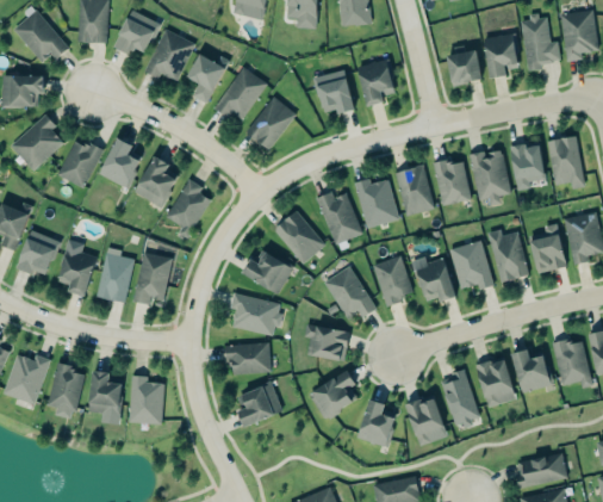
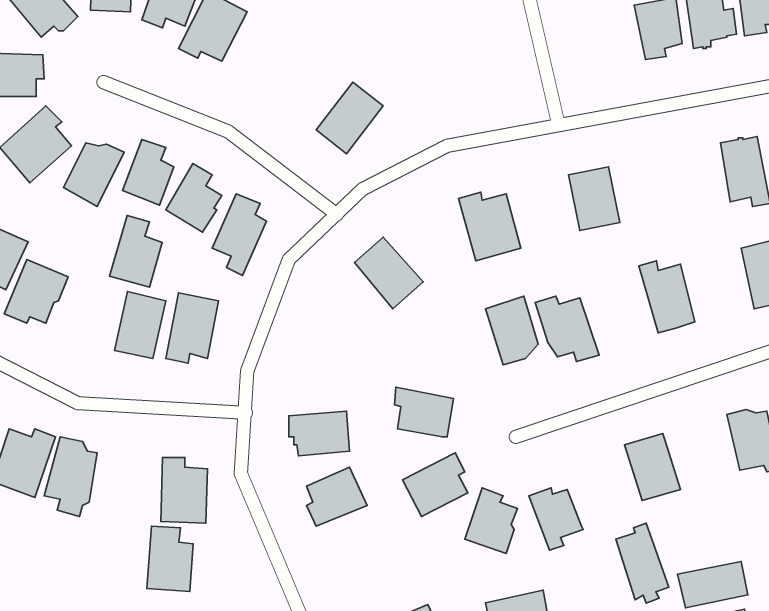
building: [447,50,481,87] -> none
building: [186,54,229,103] -> none
building: [358,60,396,106] -> none
building: [217,67,266,120] -> none
building: [312,69,354,113] -> none
building: [508,137,546,188] -> none
building: [471,150,510,205] -> none
building: [397,166,434,216] -> none
building: [315,191,362,244] -> none
building: [529,224,565,273] -> none
building: [54,236,93,290] -> [110,215,162,287]
building: [448,236,493,289] -> none
building: [242,252,293,293] -> none
building: [322,265,375,318] -> none
building: [229,292,281,336] -> none
building: [511,349,553,393] -> none
building: [87,366,122,415] -> [147,526,193,592]
building: [440,368,479,428] -> [616,523,669,603]

